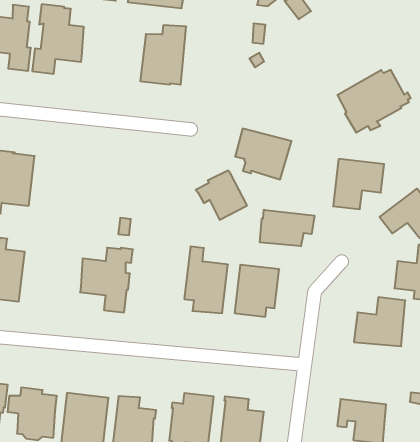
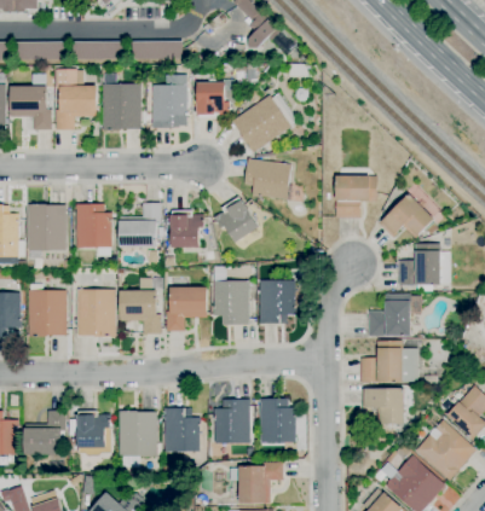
building: none -> [99,75,145,132]
building: none -> [196,80,236,120]
building: [337,70,411,133] -> [232,94,298,153]
building: none -> [75,204,111,257]
building: none -> [119,204,163,248]
building: none -> [169,211,203,249]
building: [260,210,314,246] -> none
building: none -> [74,290,115,337]
building: none -> [166,288,207,331]
building: none -> [359,341,417,383]

